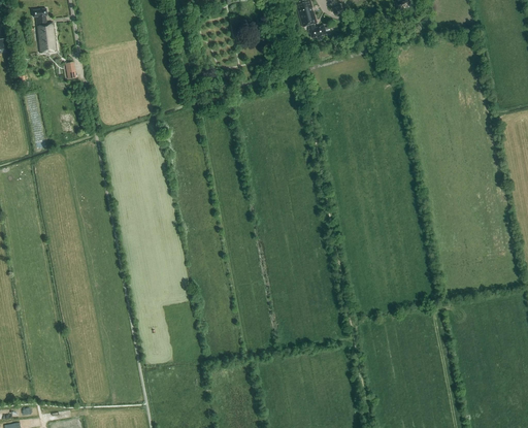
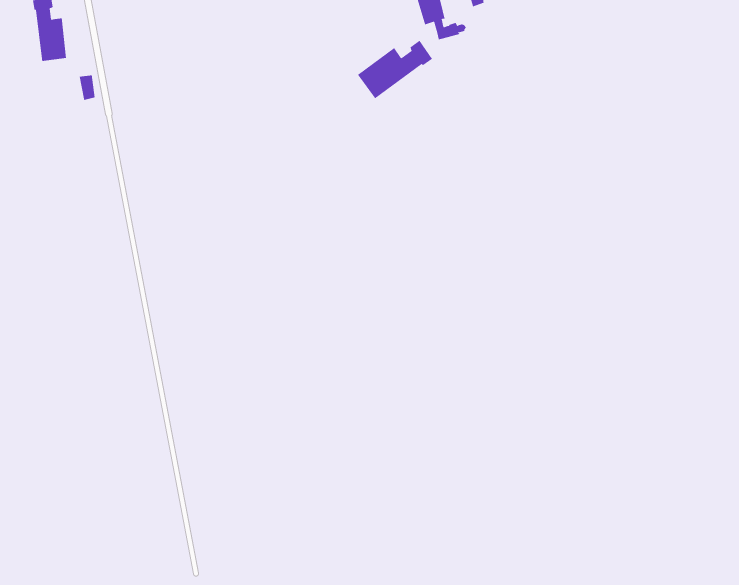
building: none -> [357,40,433,99]

